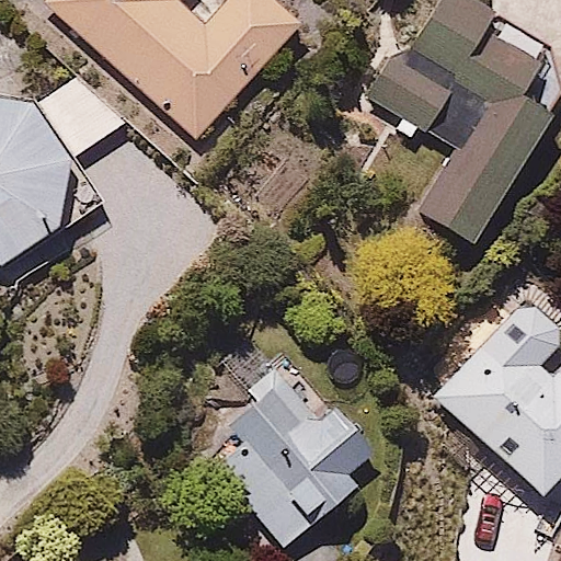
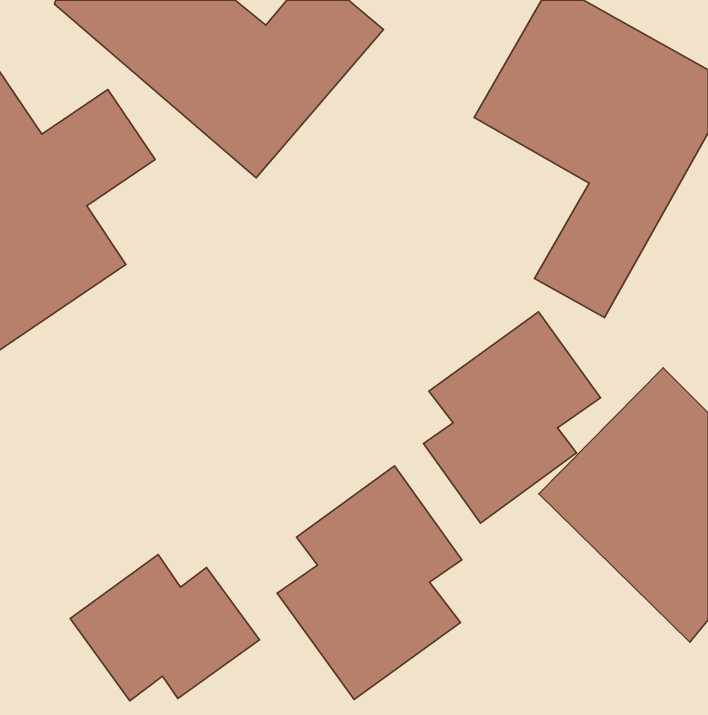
building: none -> [424,312,601,523]
building: none -> [70,555,259,701]

